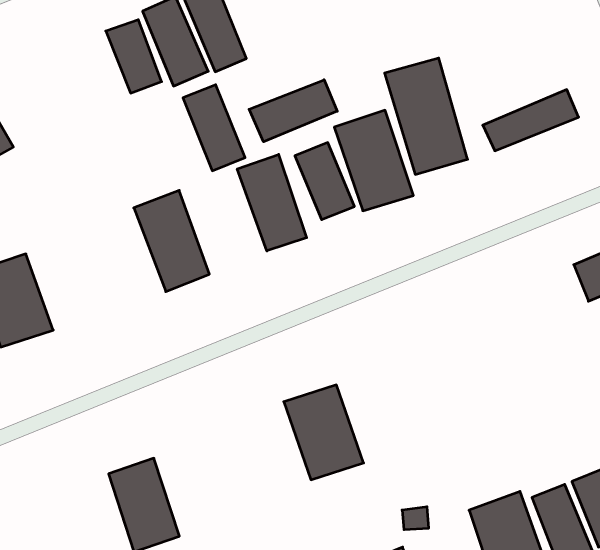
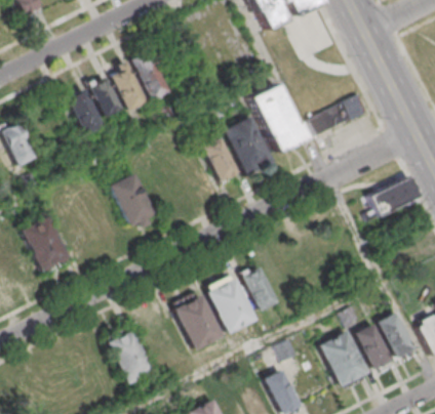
building: [249,80,337,142] -> none
building: [183,85,245,171] -> [65,85,104,135]
building: [237,154,307,251] -> none
building: none -> [241,267,279,312]
building: none -> [174,293,224,350]

